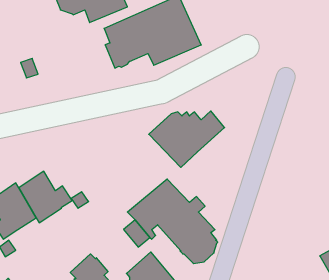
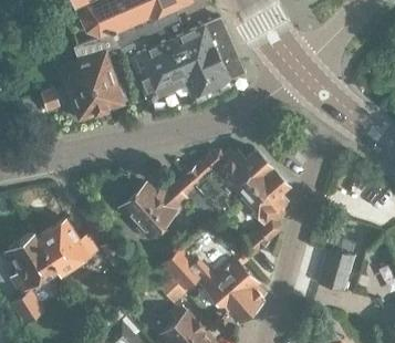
building: none -> [56,33,125,121]
building: none -> [240,167,289,257]
building: none -> [118,175,222,236]
building: none -> [319,249,354,291]

